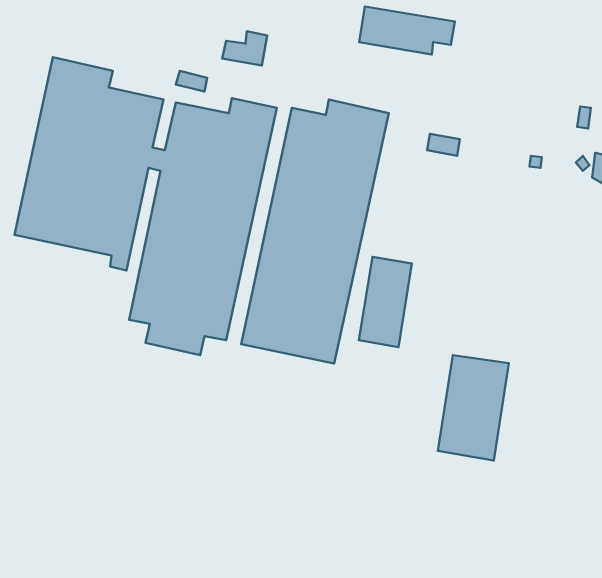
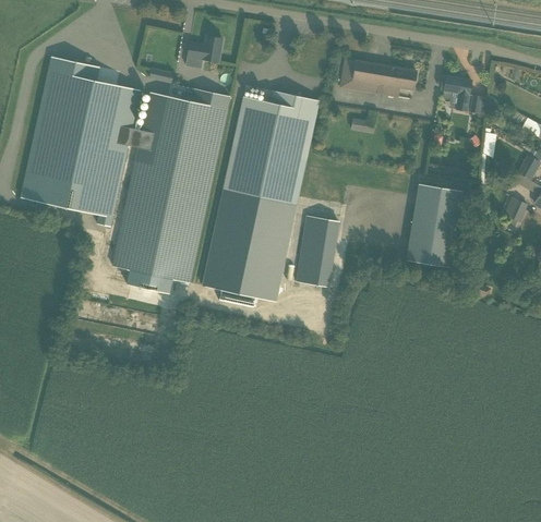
building: [359,7,455,54] -> [340,59,417,97]
building: none -> [444,75,471,110]
building: [438,355,509,460] -> [406,183,462,267]

